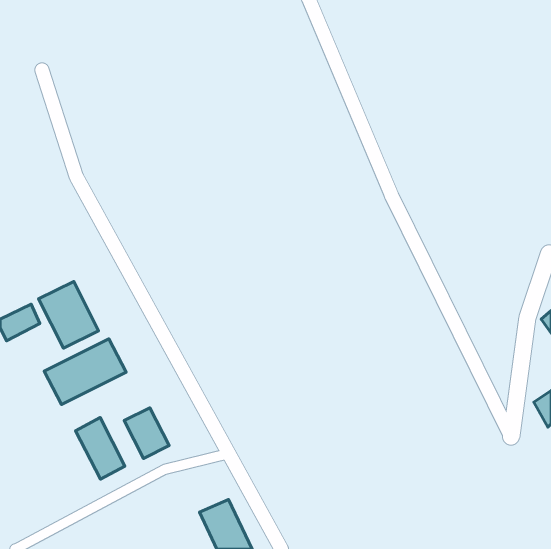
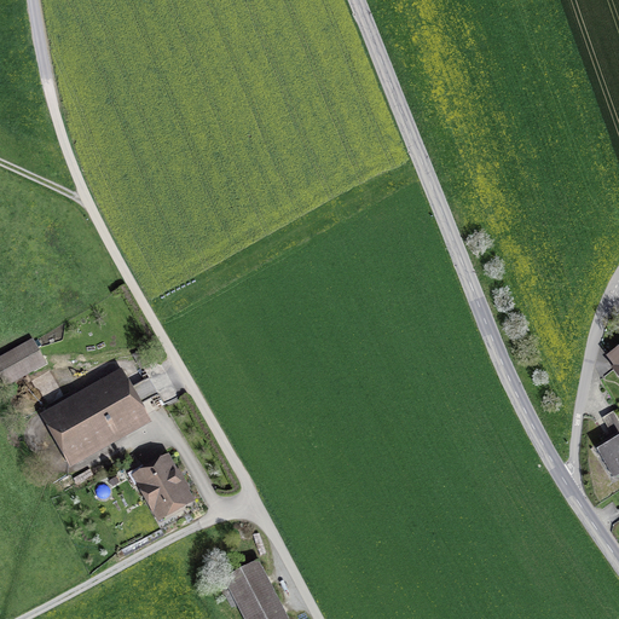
building: [39,281,99,348] -> none
building: [75,418,125,479] -> none

